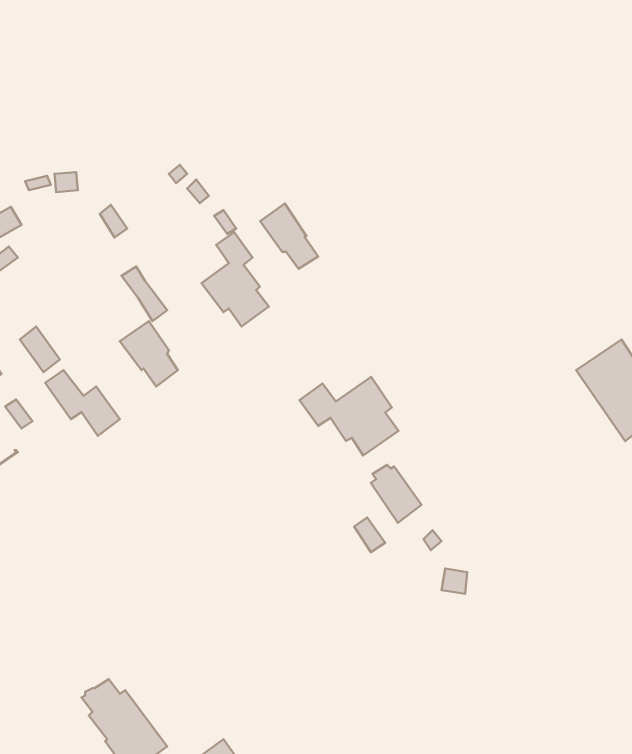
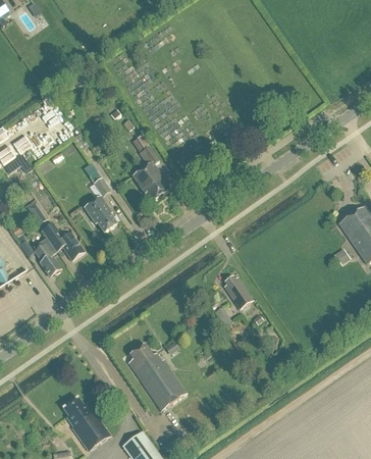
building: [260,204,318,269] -> none
building: [300,377,398,456] -> none
building: none -> [34,238,61,276]
building: none -> [128,343,187,410]

